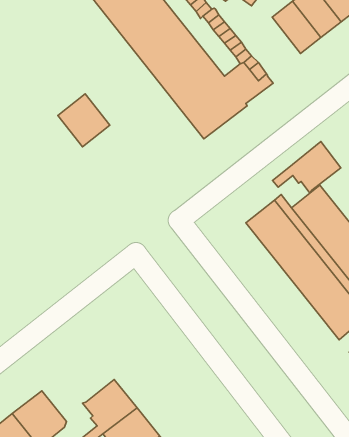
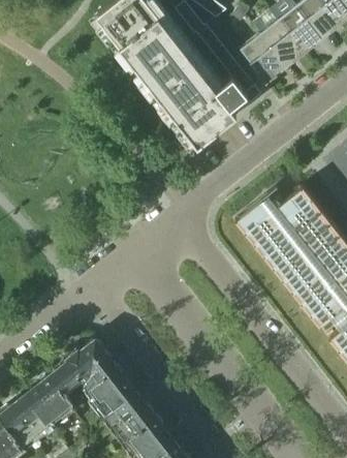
building: none -> [241,33,285,82]
building: [58,94,110,147] -> none
building: [272,142,341,193] -> none
building: none -> [53,340,116,388]

